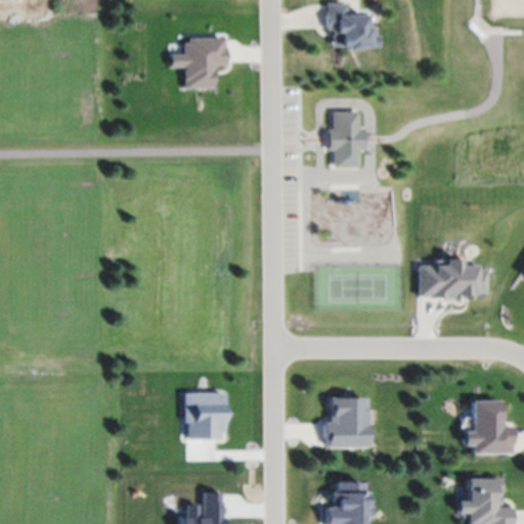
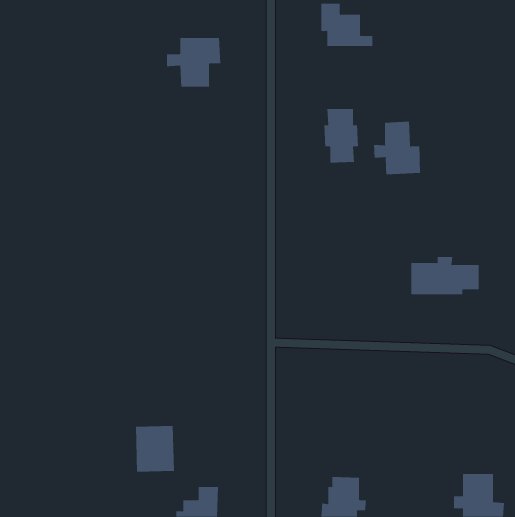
building: none -> [373,121,420,175]
building: [184,392,224,439] -> [135,426,175,472]
building: [326,397,367,447] -> none
building: [467,400,515,453] -> none

